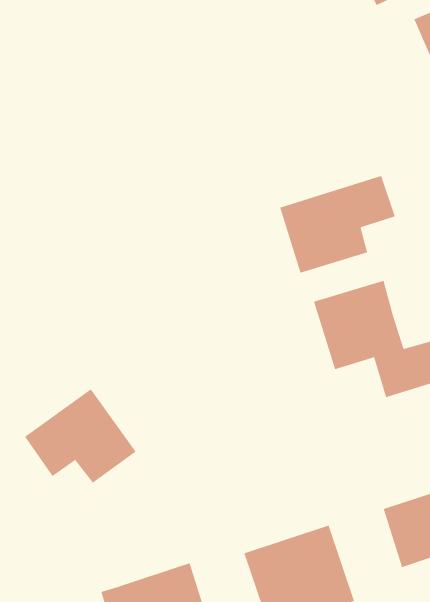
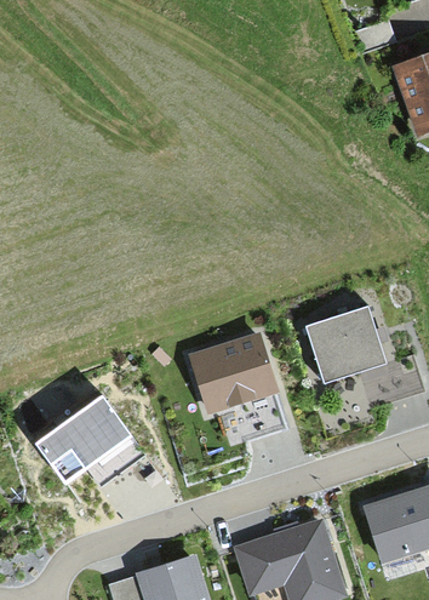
building: [280,175,396,274] -> none
building: none -> [194,336,285,439]

